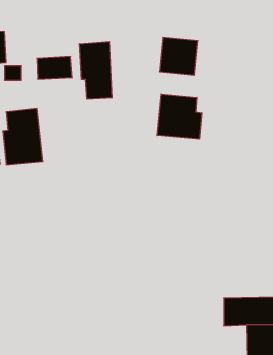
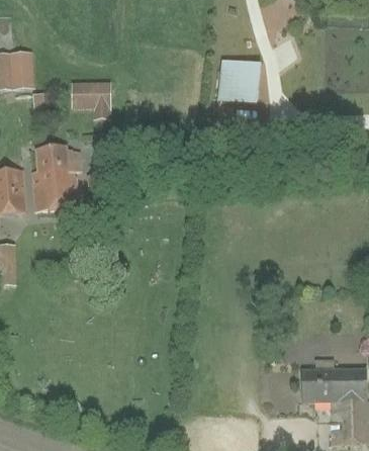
building: [79,42,112,99] -> none
building: [157,94,202,139] -> none

